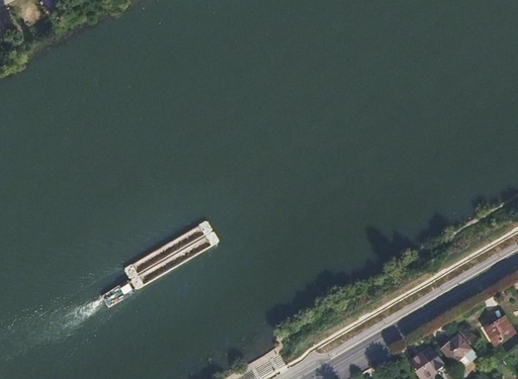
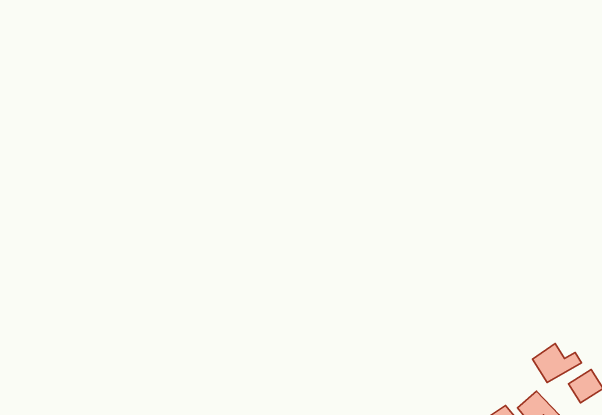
building: none -> [532,344,582,383]

